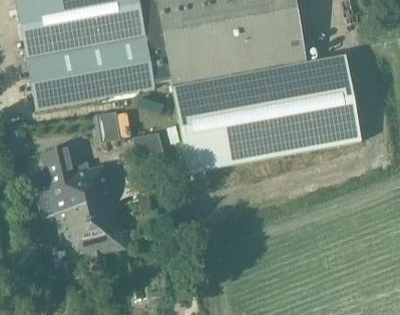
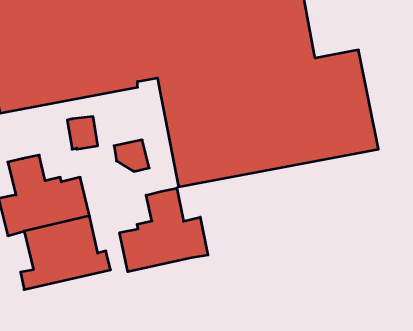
building: none -> [120,188,208,272]

